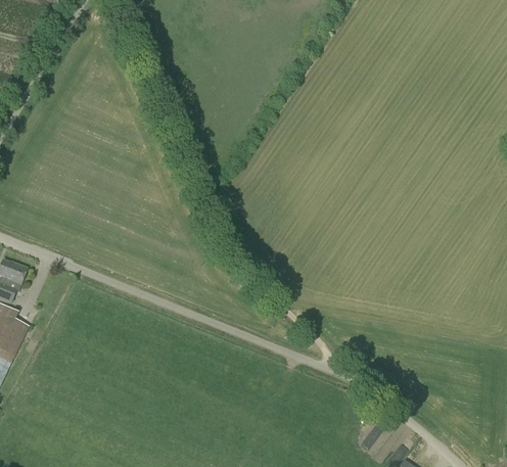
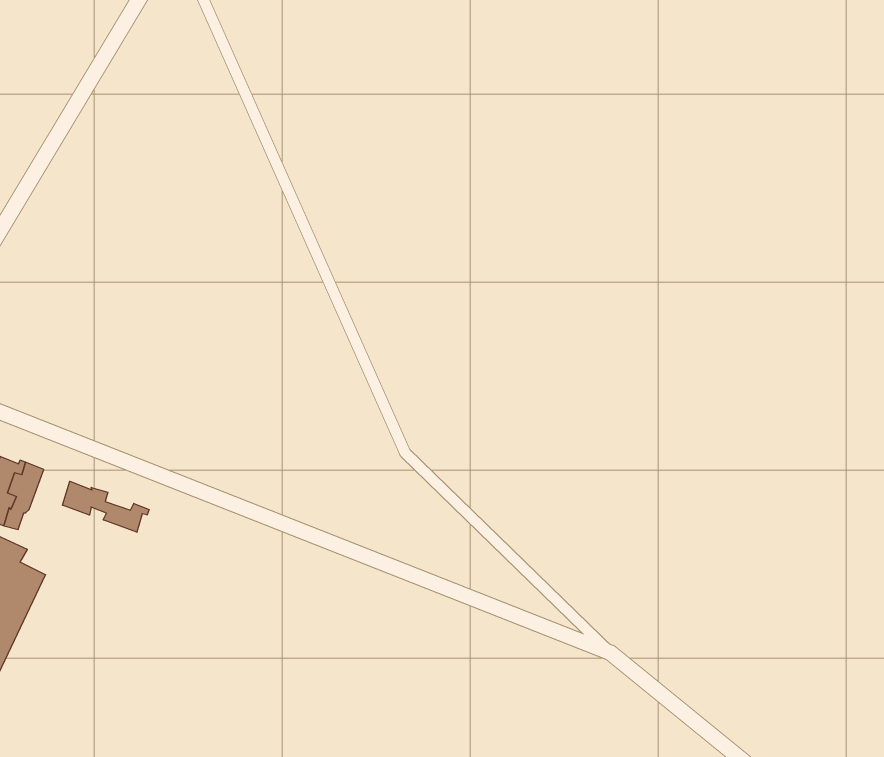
building: none -> [63,481,149,532]

